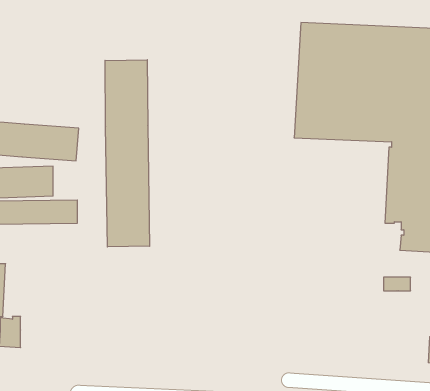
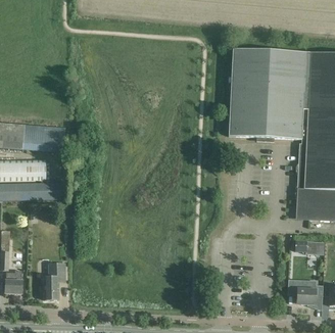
building: [105,60,150,247] -> none
building: none -> [44,264,65,299]
building: none -> [295,285,323,304]

